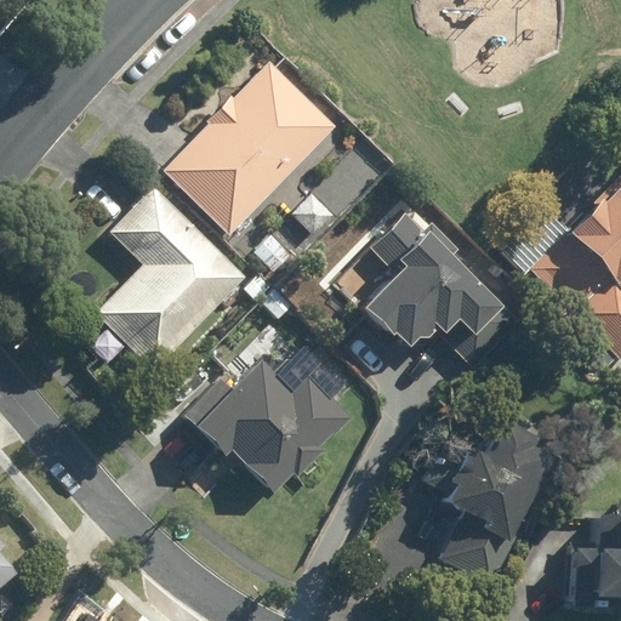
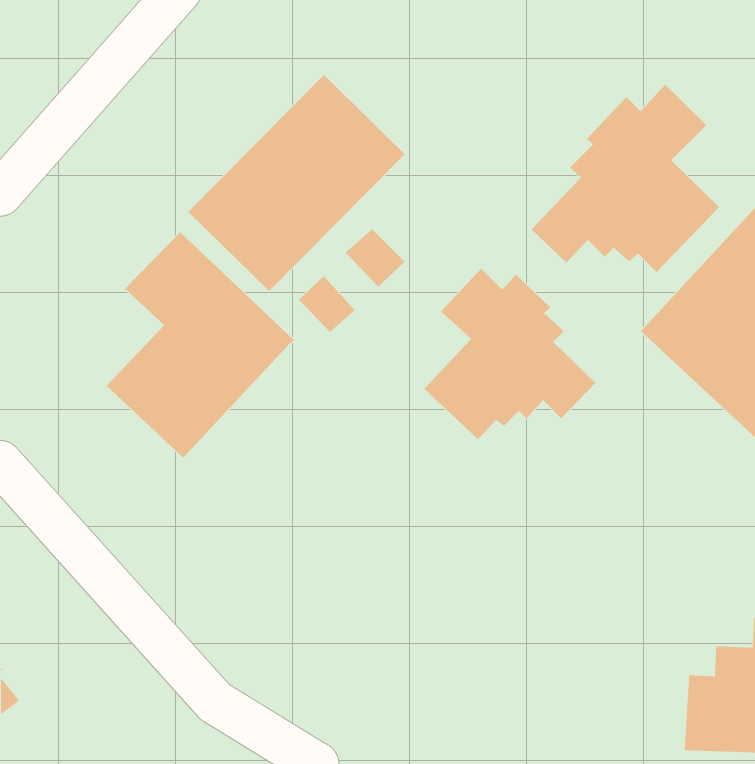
building: none -> [531,84,720,273]
building: [187,361,348,495] -> none
building: [428,422,545,583] -> none

